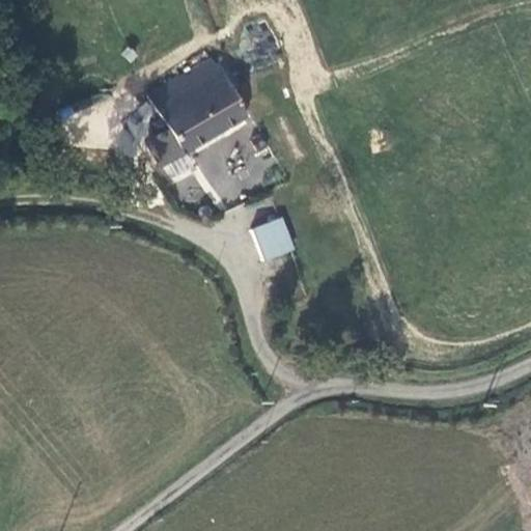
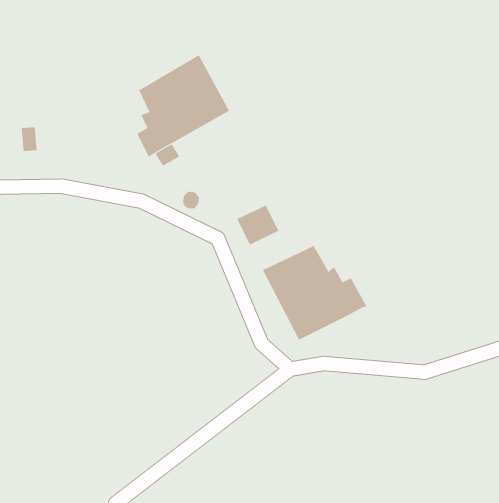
building: none -> [262,245,367,341]

